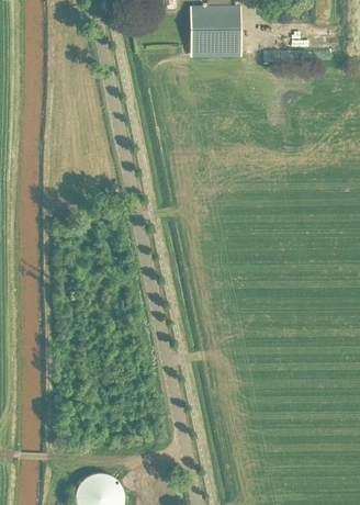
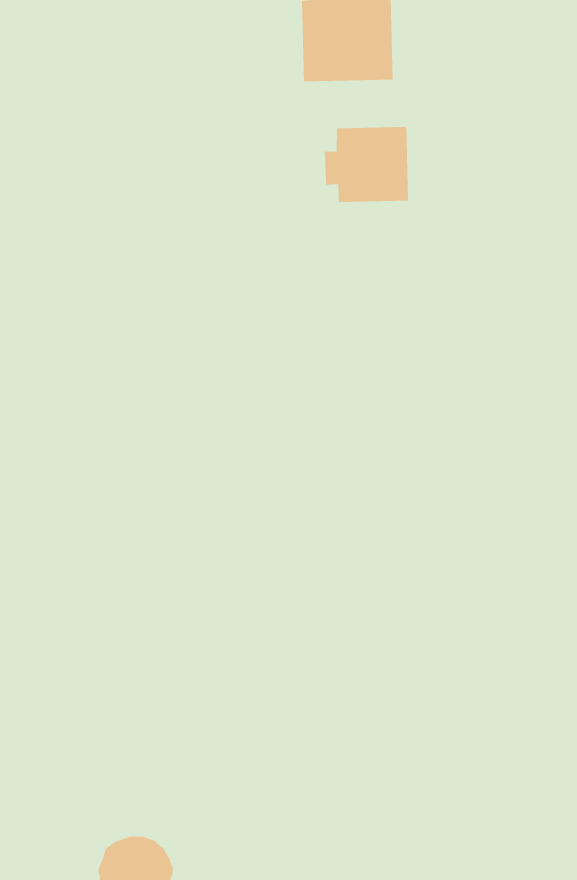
building: none -> [324,126,409,203]

